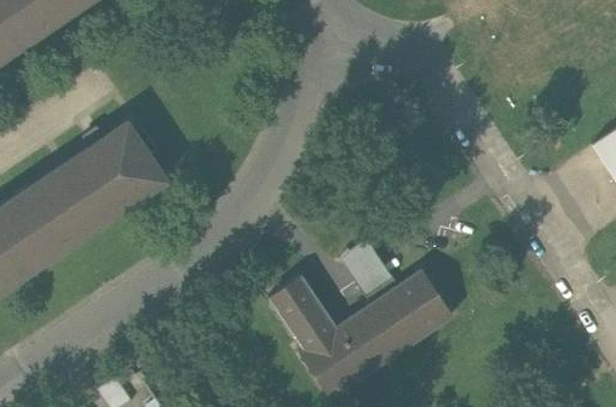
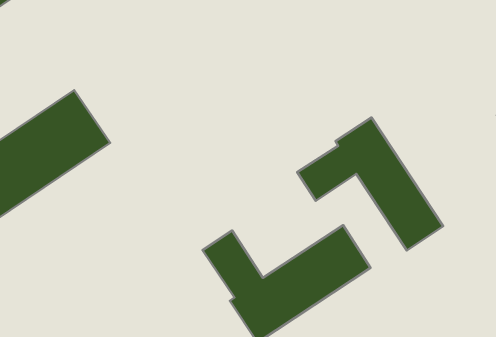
building: none -> [297,117,443,251]

